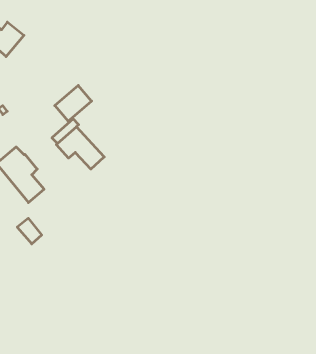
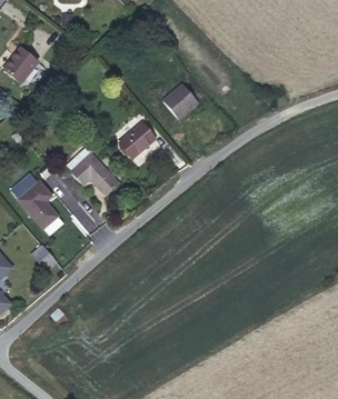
building: none -> [162,84,198,119]
building: [55,85,92,121] -> [119,122,156,158]

